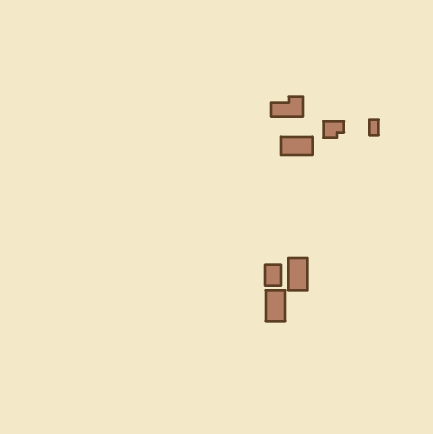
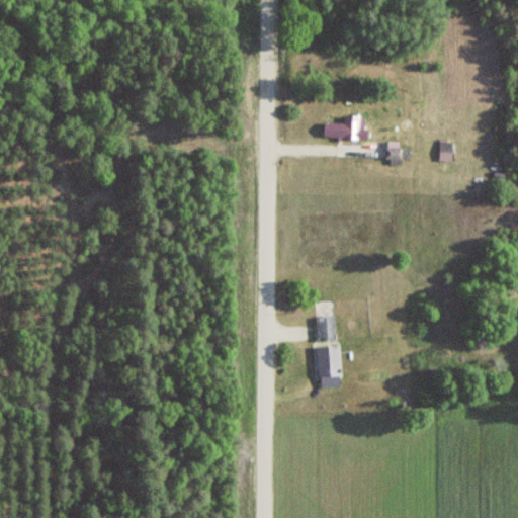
building: [281,137,312,155] -> none
building: [288,258,307,290] -> none

